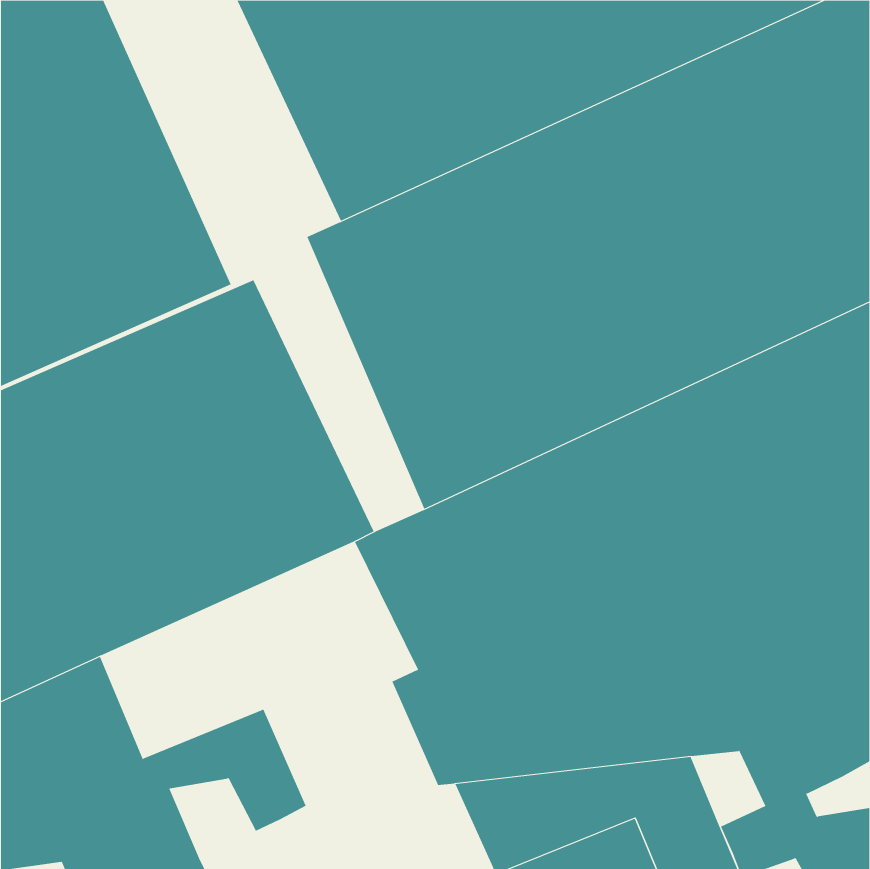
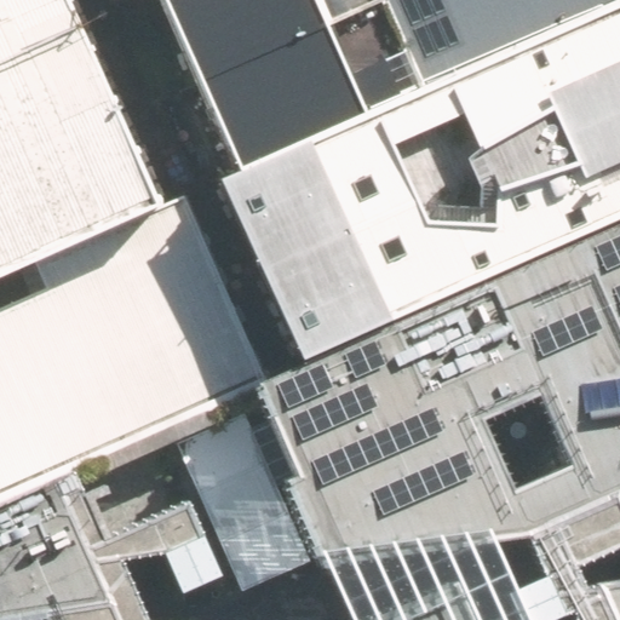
building: none -> [177,413,311,591]

